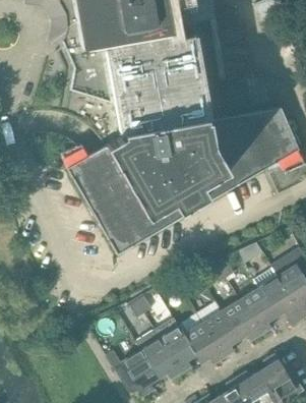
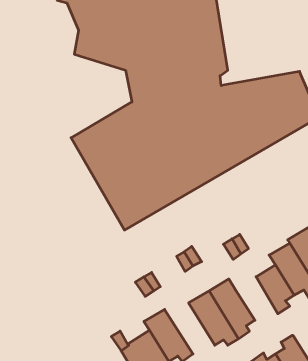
building: [222,299,261,340] -> none
building: [156,318,202,371] -> none

